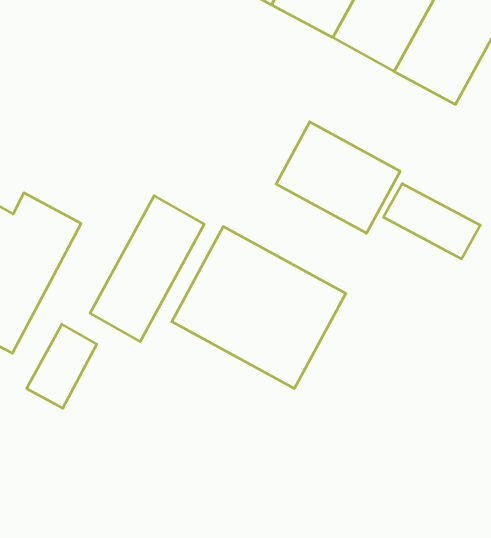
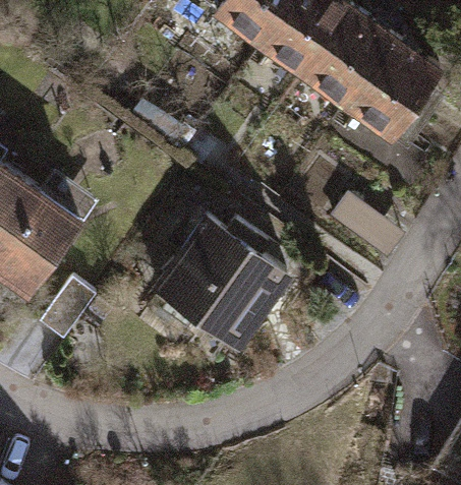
building: [276,122,400,233] -> none
building: [90,196,204,342] -> none

